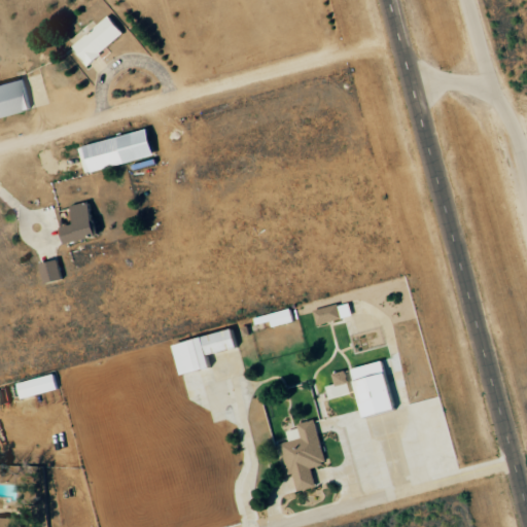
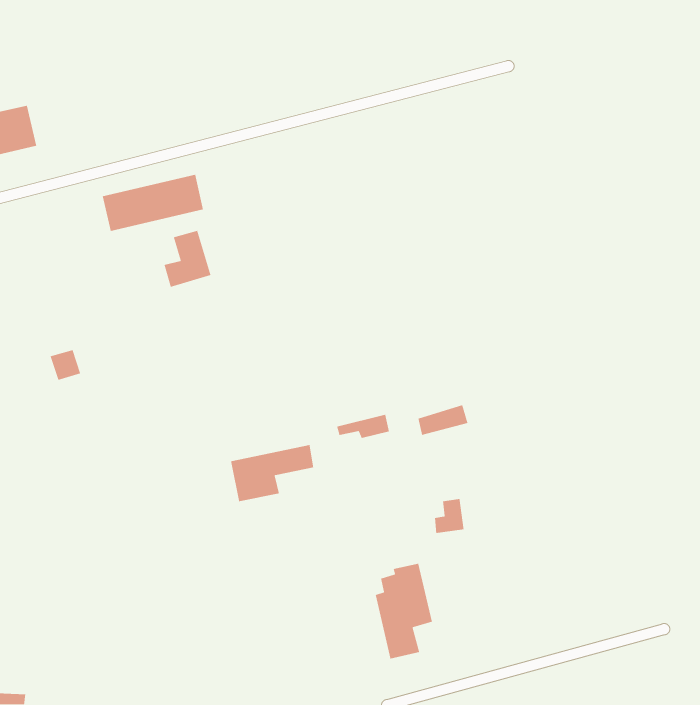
building: [69,16,121,65] -> none
building: [61,202,97,245] -> [163,230,212,288]
building: [351,361,392,418] -> none
building: [15,376,55,397] -> none

